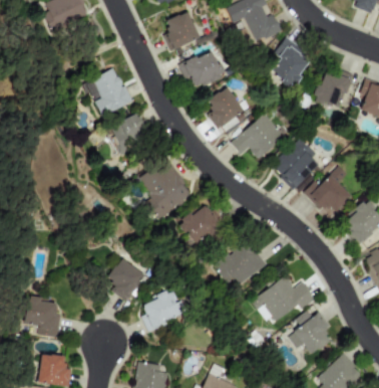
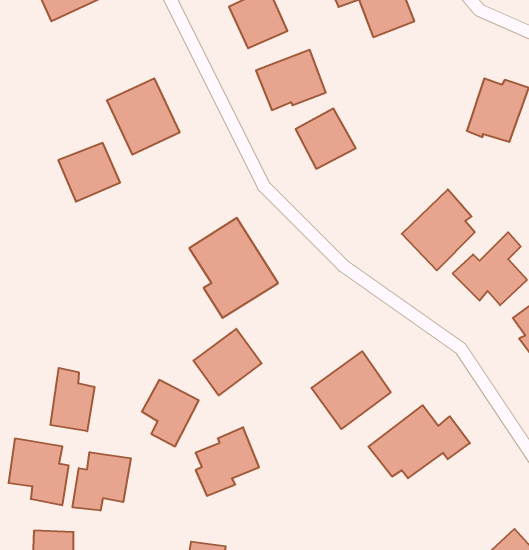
building: [271,38,312,87] -> none
building: [232,113,286,159] -> none
building: [110,114,149,151] -> [58,143,120,202]
building: [179,202,223,244] -> [193,329,262,395]
building: none -> [51,368,94,431]
building: none -> [73,452,131,511]
building: [288,310,333,355] -> none

